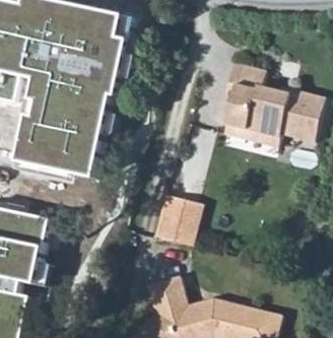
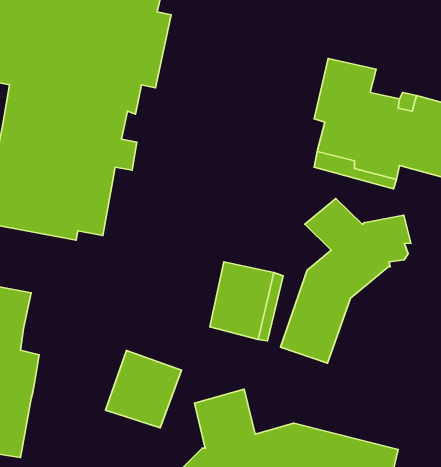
building: none -> [281,199,411,363]
building: none -> [106,350,181,428]

